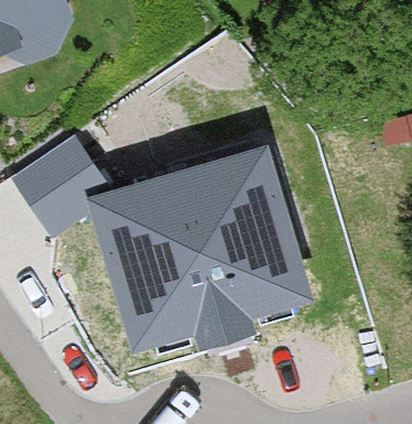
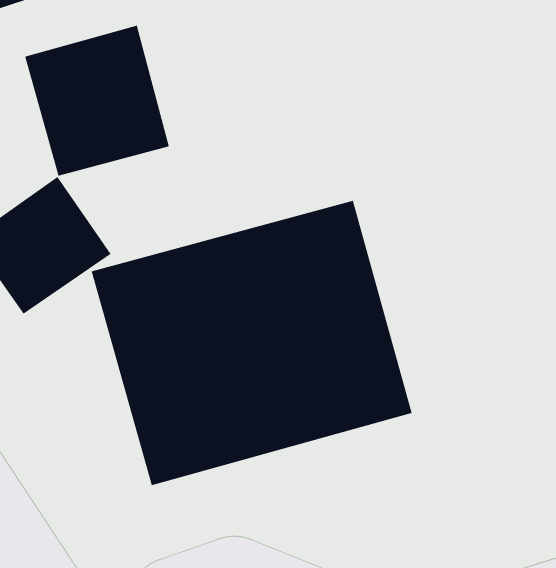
building: none -> [24,25,170,177]

